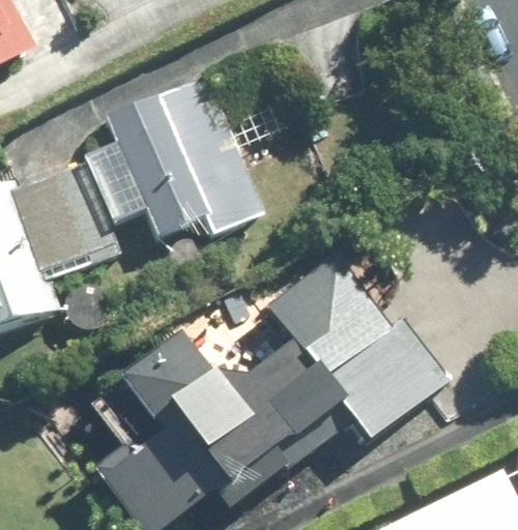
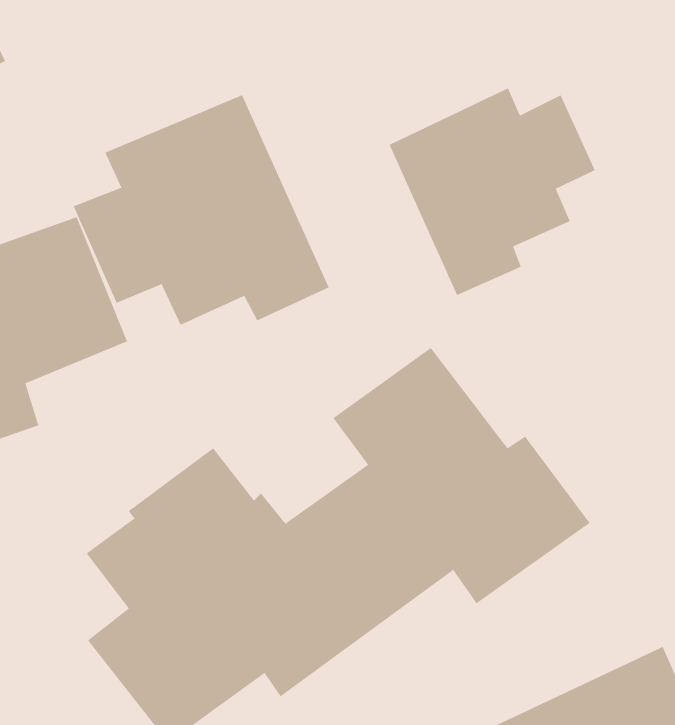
building: none -> [389,87,595,296]

